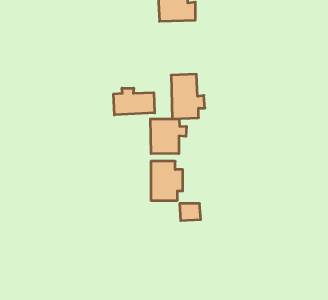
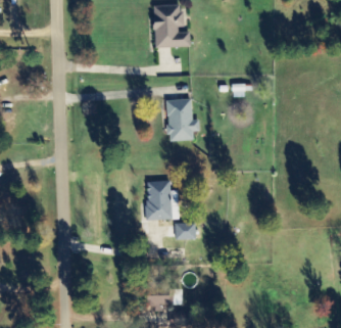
building: [114,88,155,115] -> none
building: [150,119,186,154] -> none

